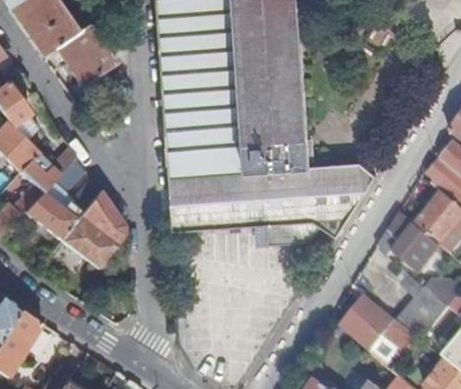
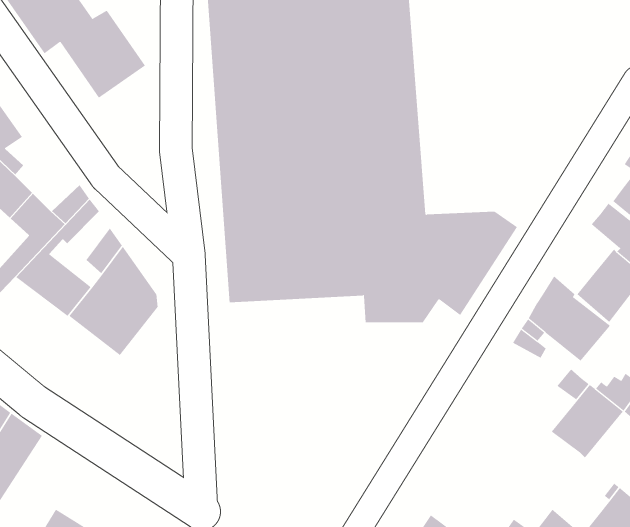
building: [342,293,419,362] -> none

